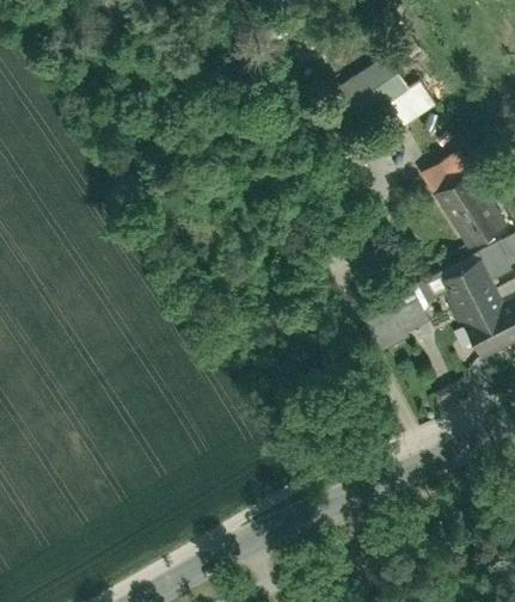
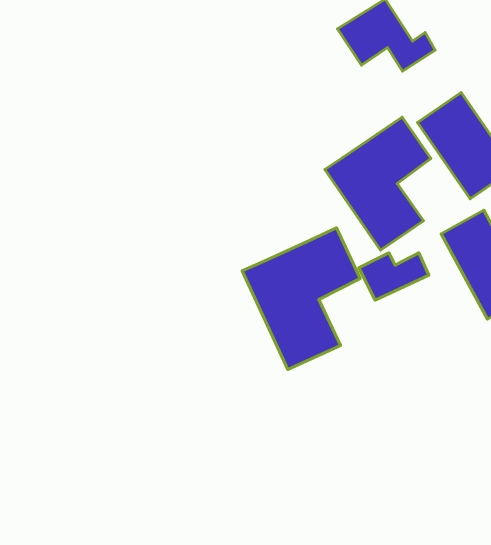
building: none -> [325,117,431,250]
building: none -> [242,228,360,369]

